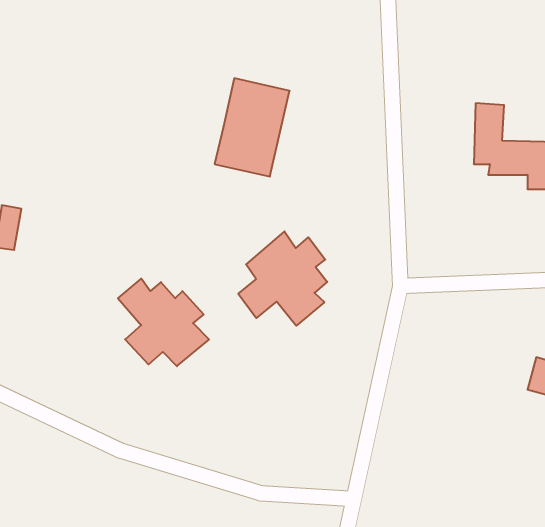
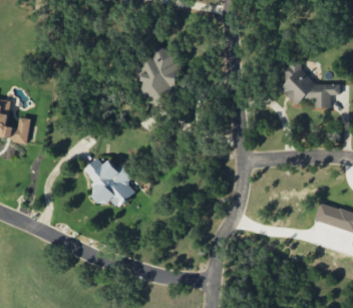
building: [238,231,327,326] -> none

